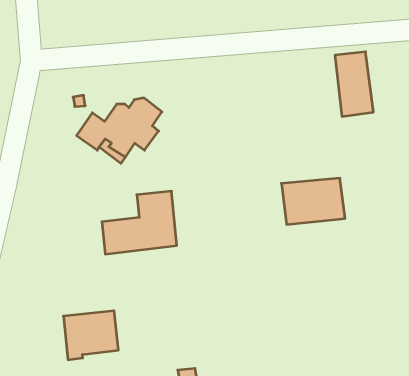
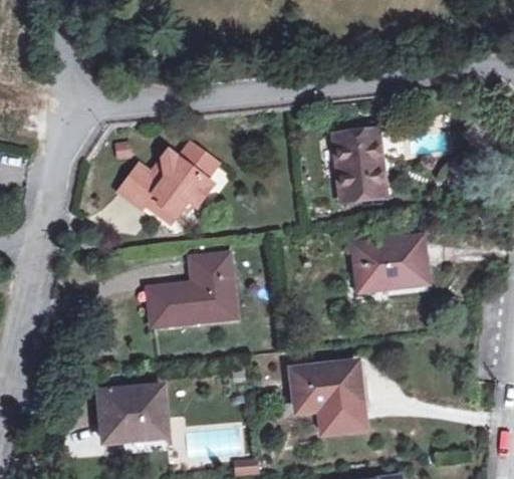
building: [335,52,373,116] -> [336,126,380,200]
building: none -> [295,367,364,435]

